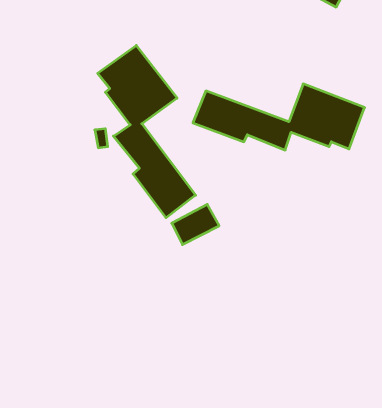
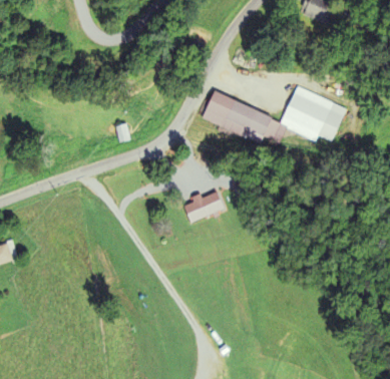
building: [98,45,196,218] -> none

